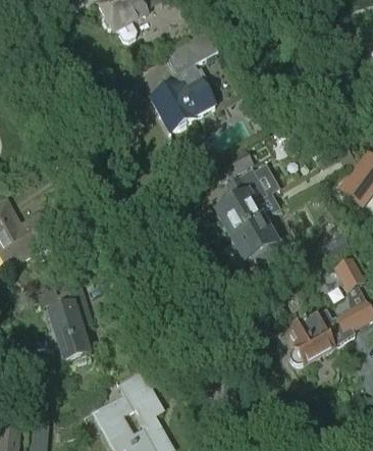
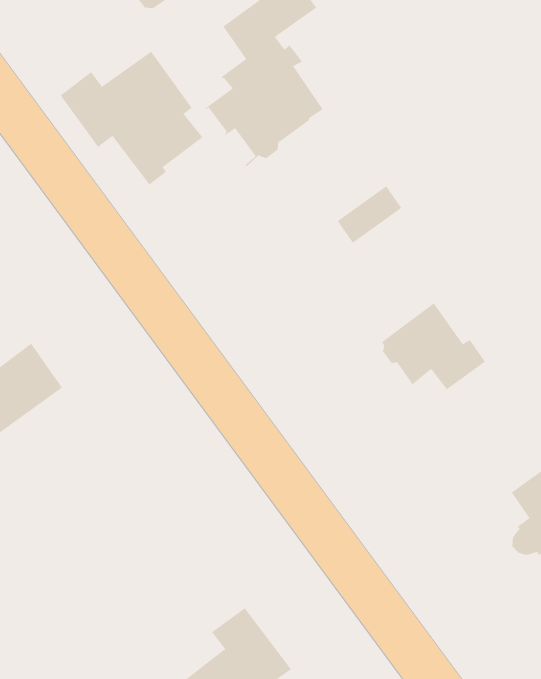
building: none -> [60,51,203,185]
building: [217,159,285,237] -> none
building: [42,287,91,362] -> none

